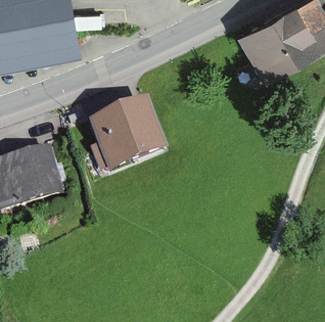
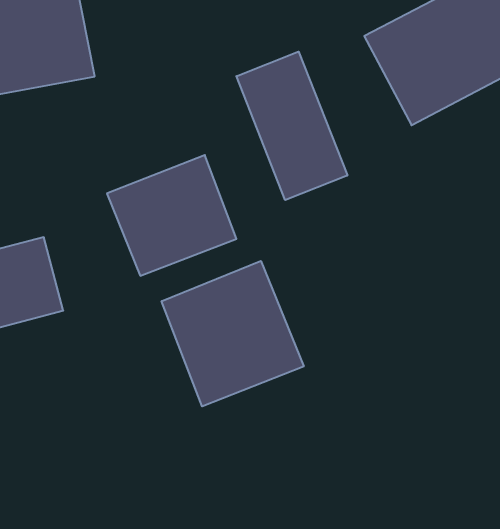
building: none -> [236,52,347,200]
building: none -> [162,261,304,406]

